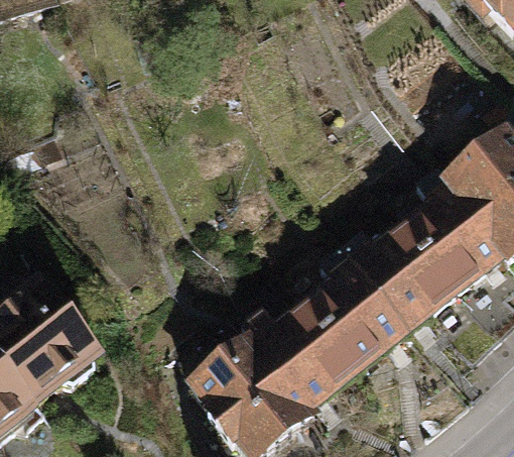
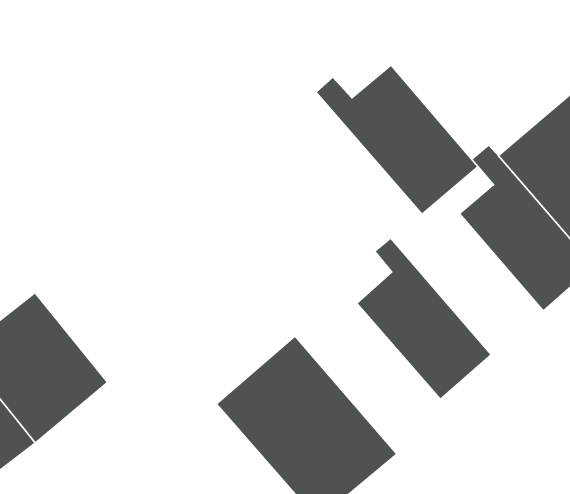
building: none -> [316,65,478,214]
building: [333,220,460,337] -> none
building: [246,295,374,412] -> none

